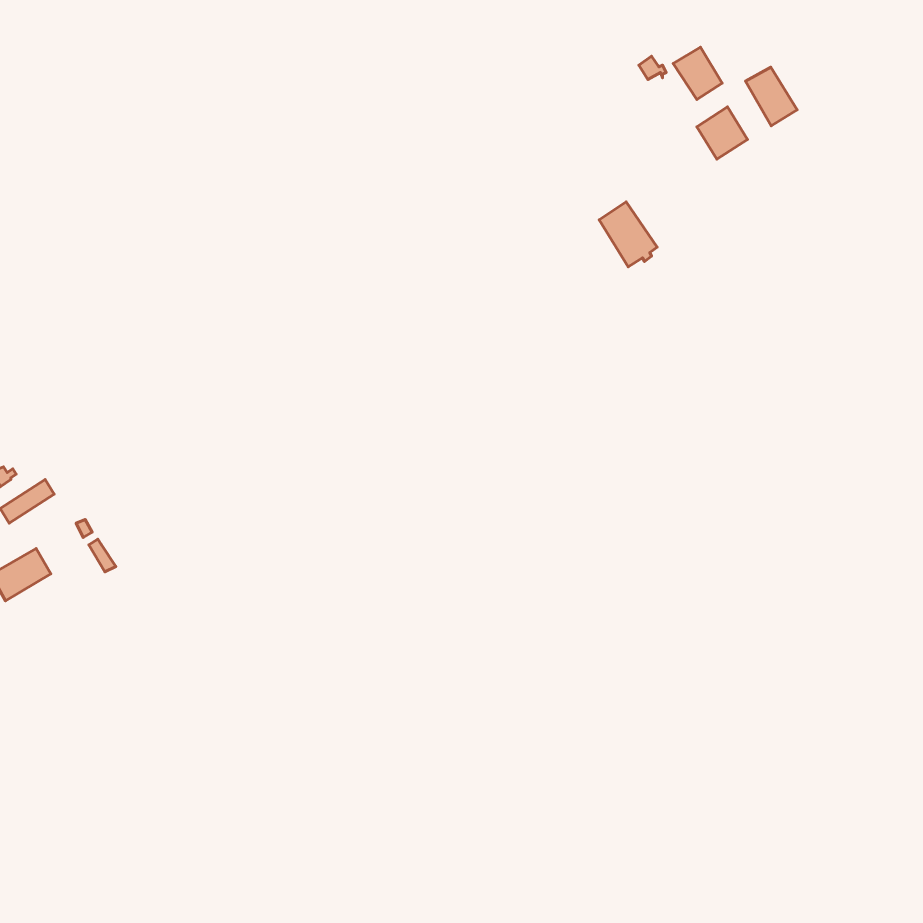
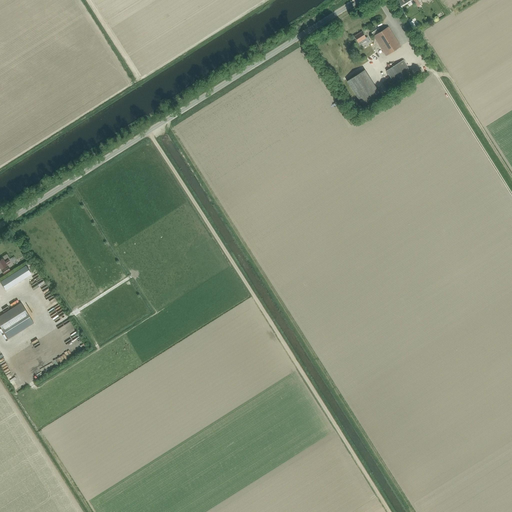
building: [745,67,797,126] -> none
building: [599,202,657,267] -> [347,70,379,106]

